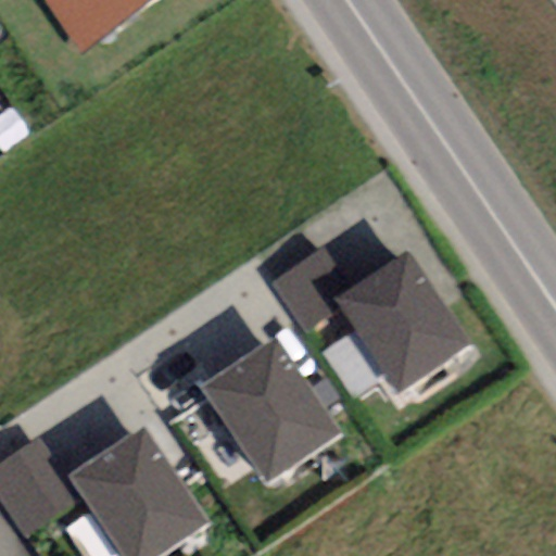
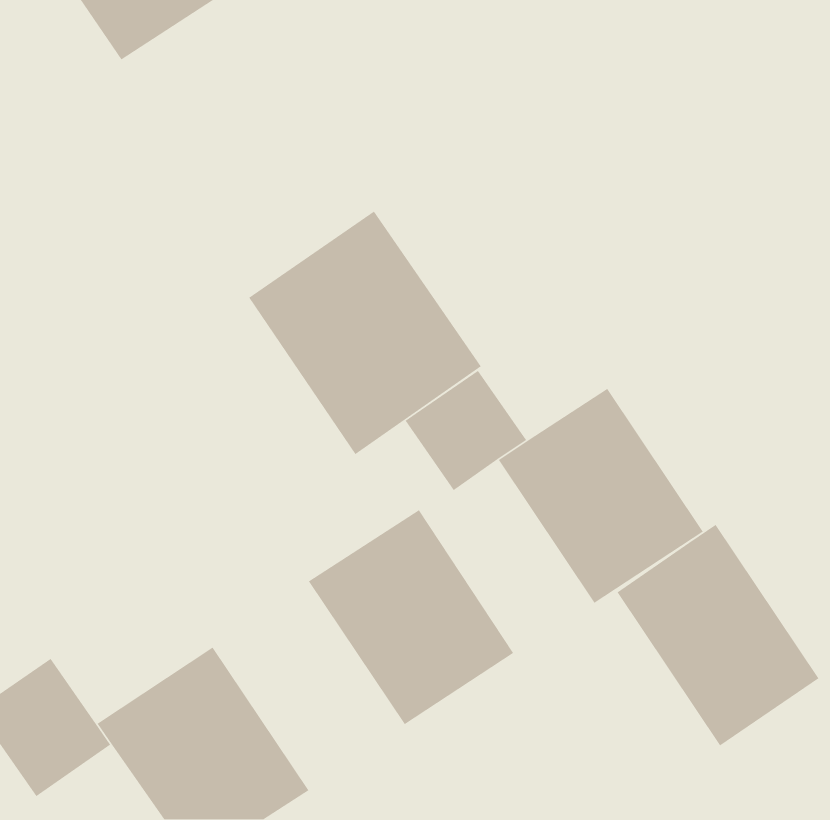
building: none -> [248,210,482,455]
building: none -> [616,524,819,747]

